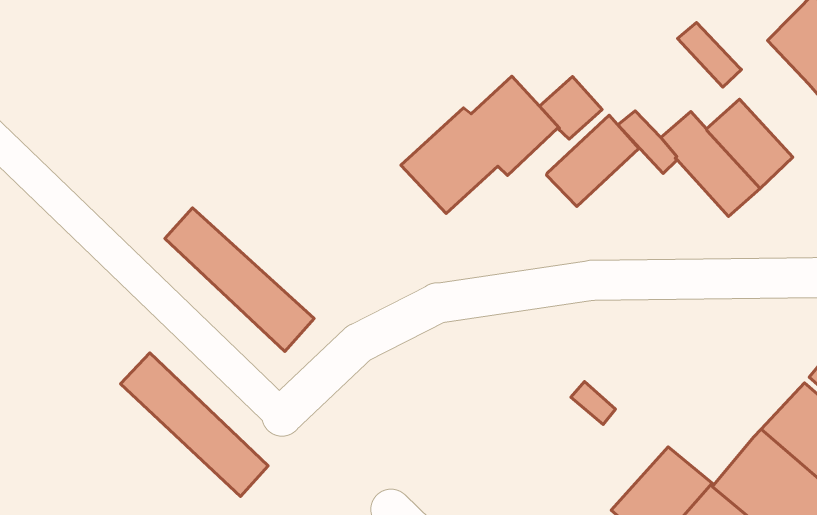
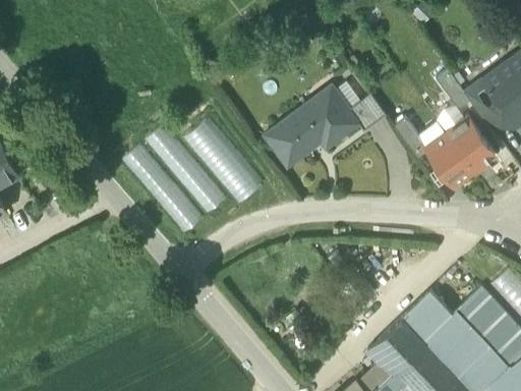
building: none -> [469,86,509,128]
building: [547,115,639,207] -> none
building: none -> [181,116,267,210]
building: [120,353,268,497] -> [143,125,225,216]
building: none -> [402,292,453,343]

